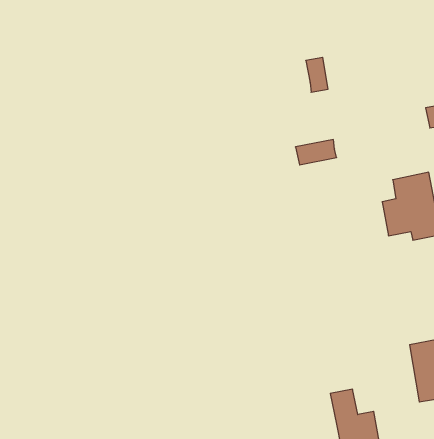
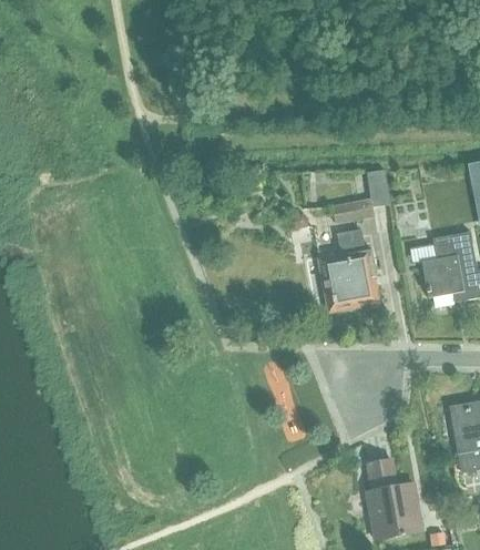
building: [306,57,328,92] -> [366,170,389,206]
building: none -> [319,228,377,309]

